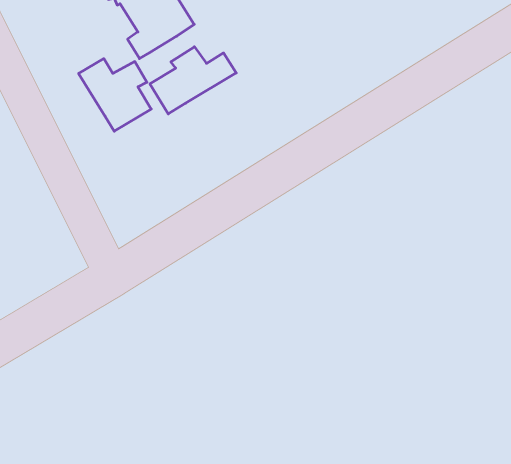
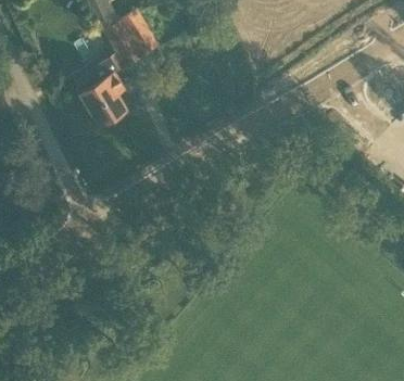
building: [150,47,236,114] -> none

